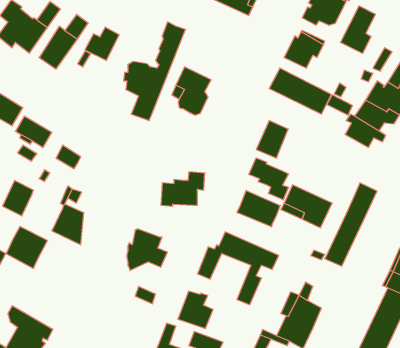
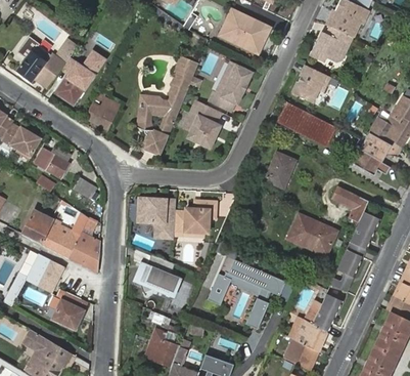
building: [340,6,375,53] -> none
building: [85,27,119,61] -> [86,96,119,128]
building: none -> [209,62,250,111]
building: none -> [332,185,368,220]
building: [249,158,289,200] -> none
building: none -> [136,198,175,240]
building: none -> [40,218,79,257]
building: [237,190,280,227] -> none
building: none -> [48,288,83,328]
building: none -> [313,292,341,332]
building: [178,291,213,329] -> [144,329,178,365]

